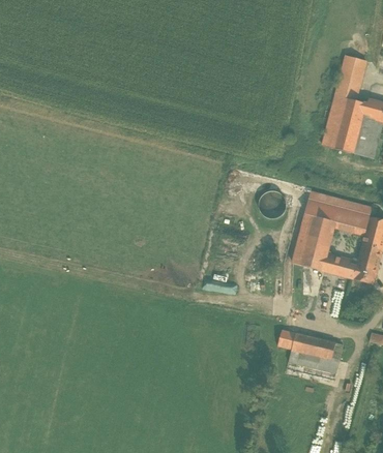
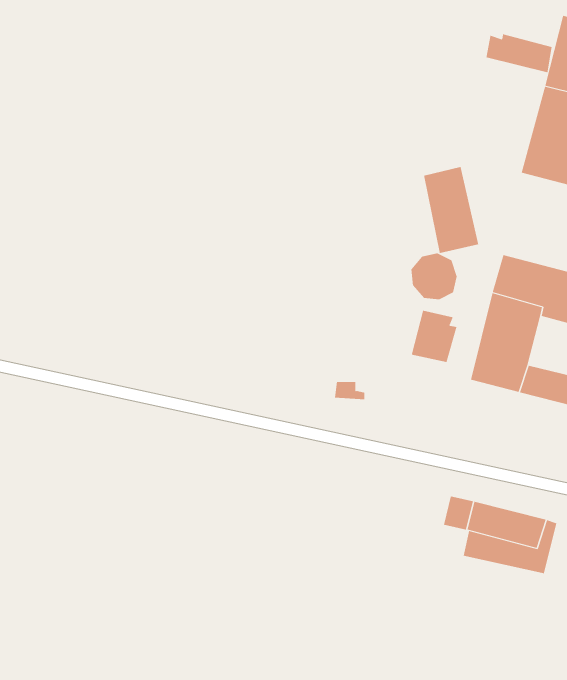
building: none -> [486,33,552,73]
building: none -> [423,166,479,254]
building: none -> [411,310,457,363]

